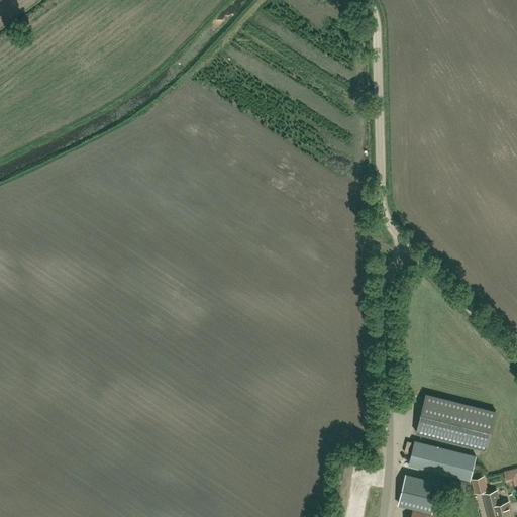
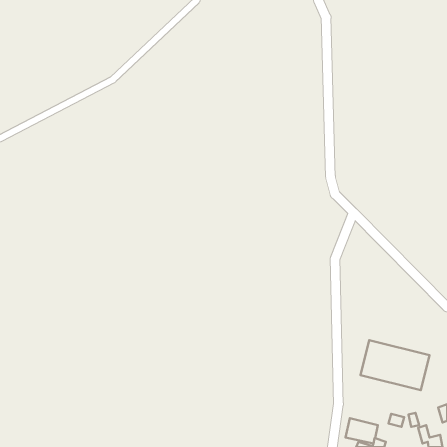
building: [409,440,476,480] -> none

